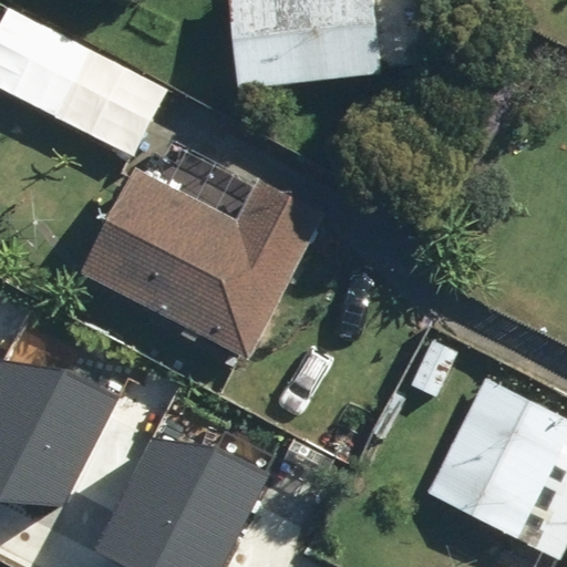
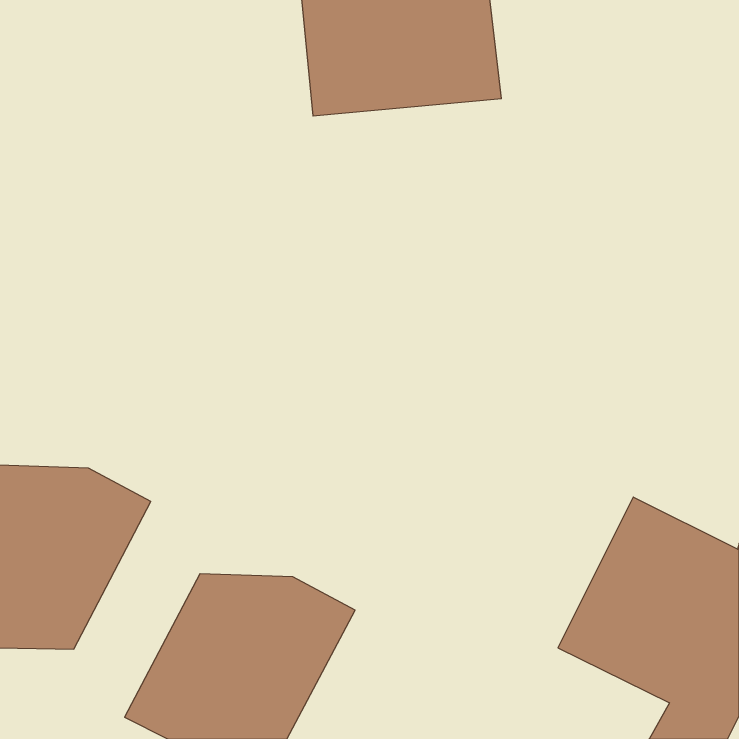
building: [12,27,128,137] -> none
building: [85,169,327,360] -> none

